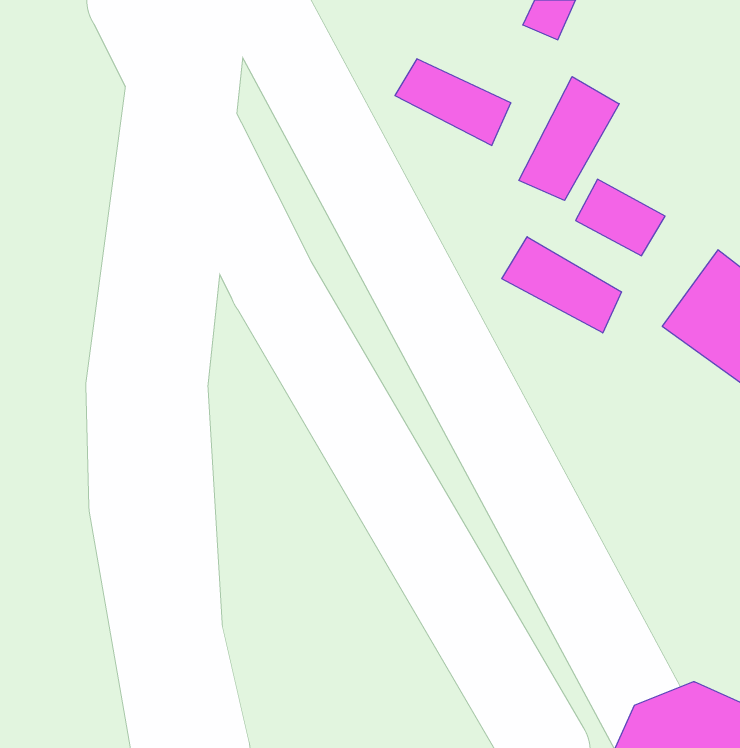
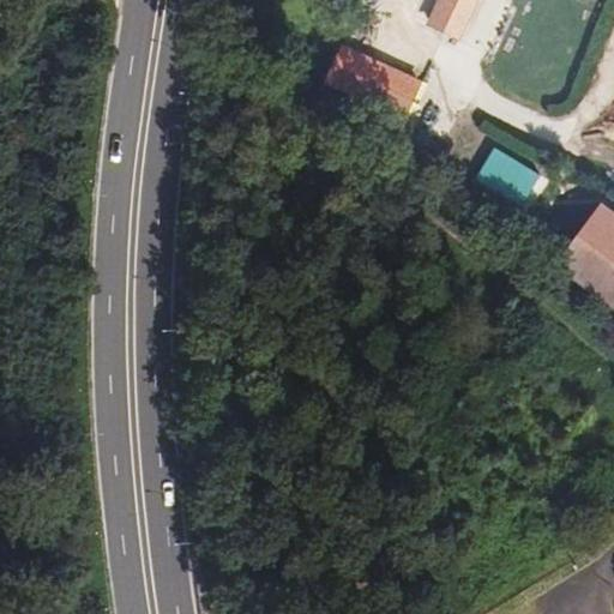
building: [519,77,619,200] -> none
building: [502,237,621,333] -> none

